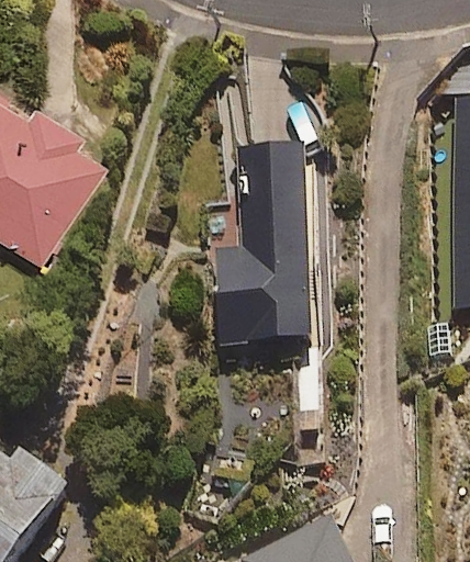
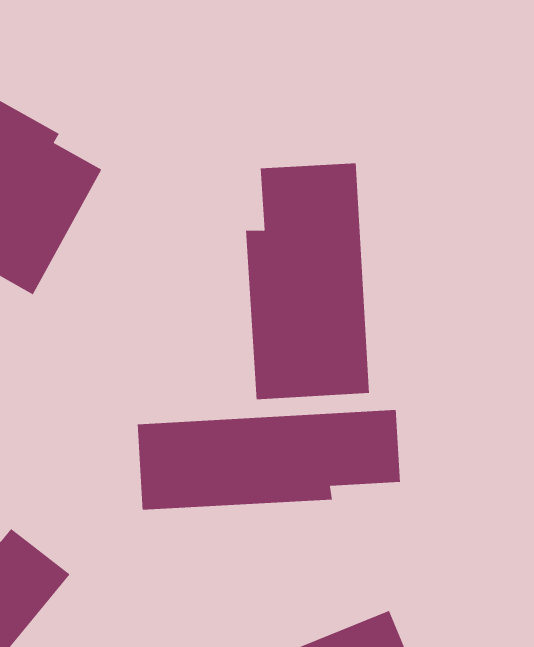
building: none -> [137,409,401,511]

